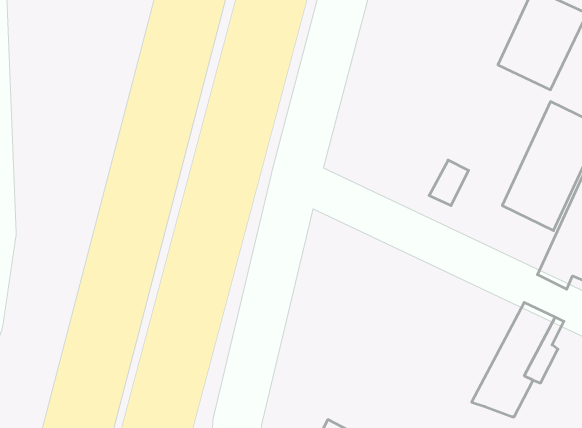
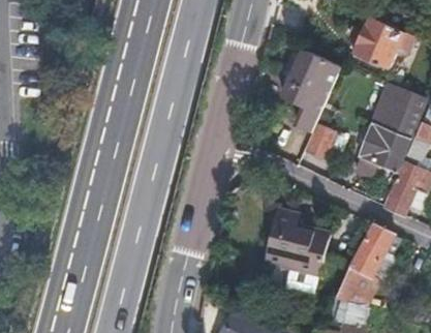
building: none -> [281,50,340,125]
building: none -> [264,206,331,275]

